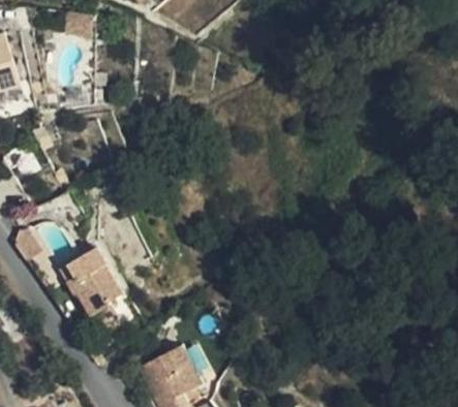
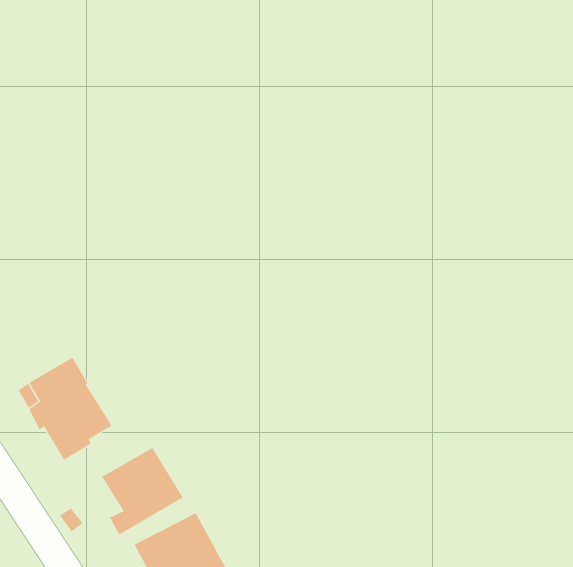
building: none -> [102,447,183,535]

